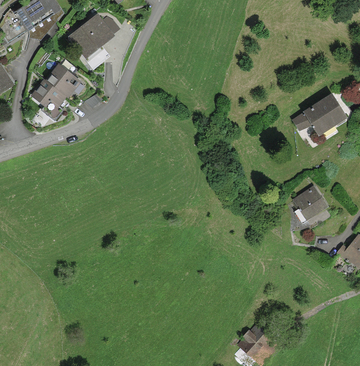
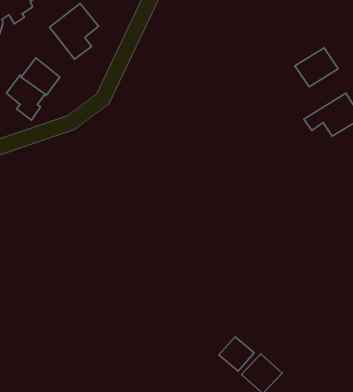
building: none -> [295,48,338,87]
building: [294,186,325,220] -> none
building: none -> [219,337,254,371]

